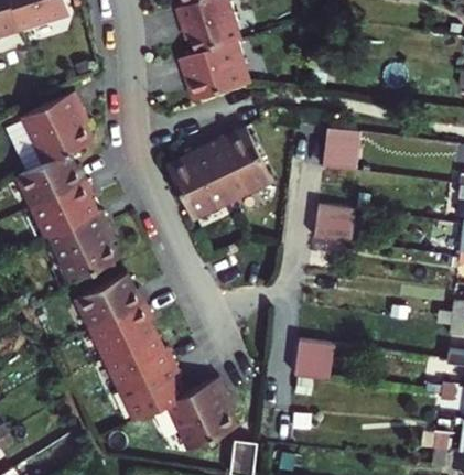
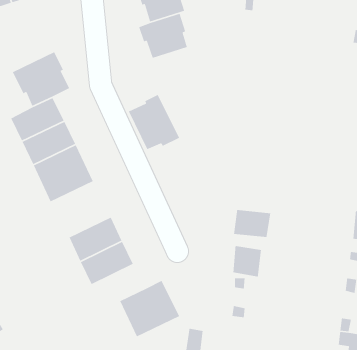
building: [320,125,357,169] -> none
building: [204,131,270,204] -> none
building: [312,202,352,244] -> none
building: [72,266,144,330] -> none
building: none -> [233,209,271,238]
building: [119,364,188,420] -> none

